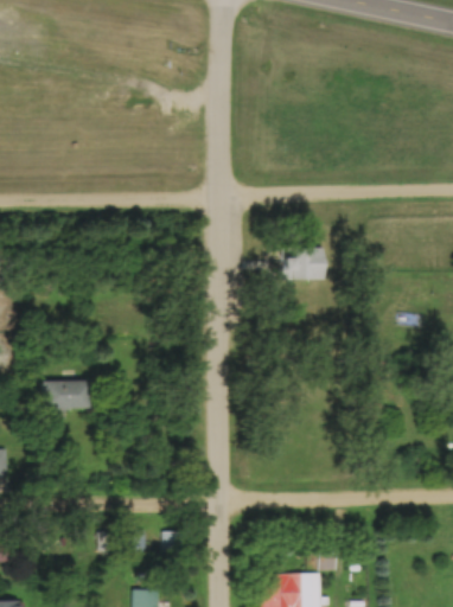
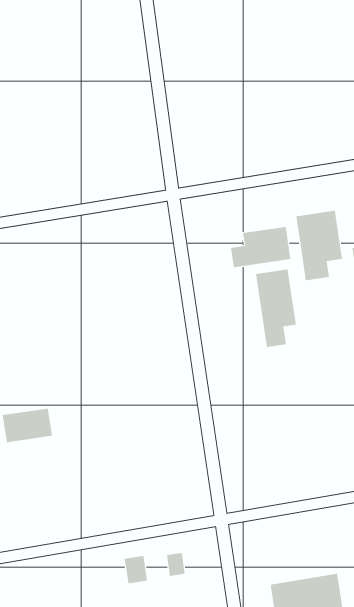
building: none -> [296,210,342,281]
building: none -> [255,269,296,348]

